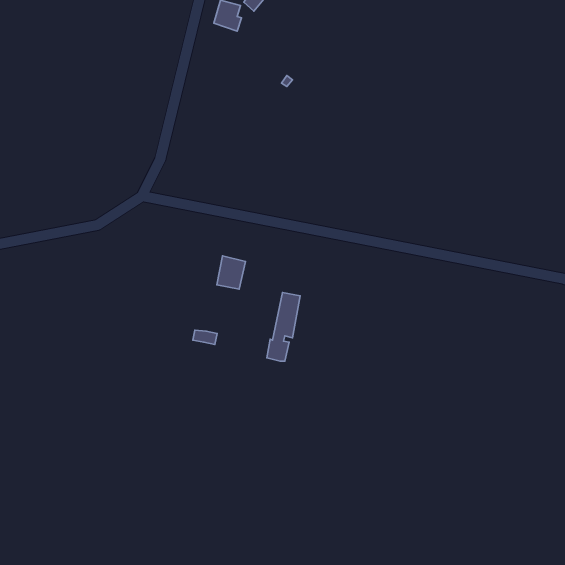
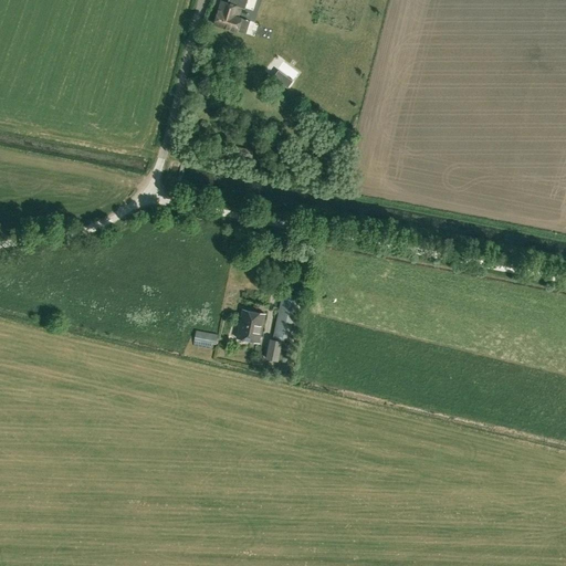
building: [217,256,246,289] -> [235,307,264,340]

